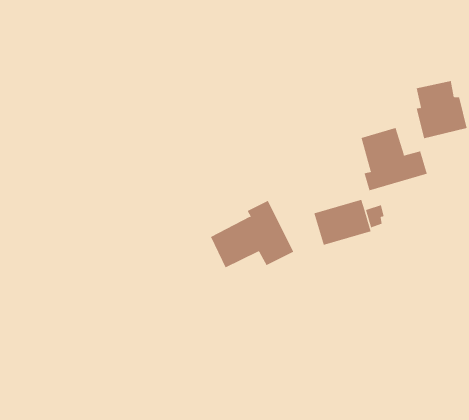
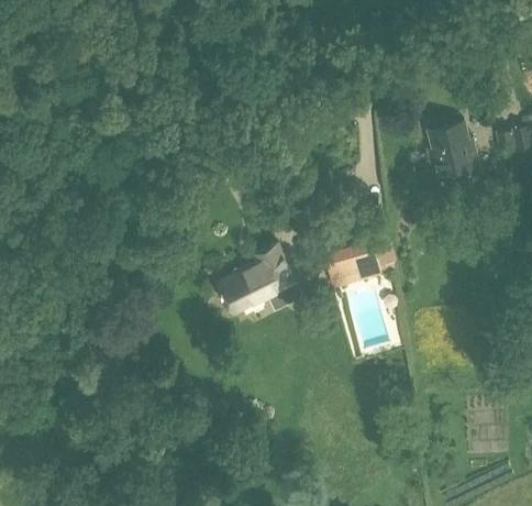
building: [361,127,427,191] -> none

